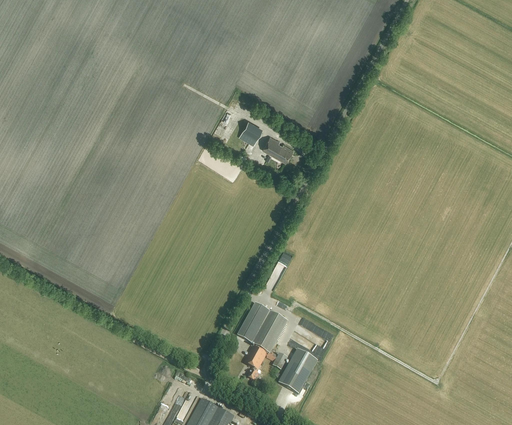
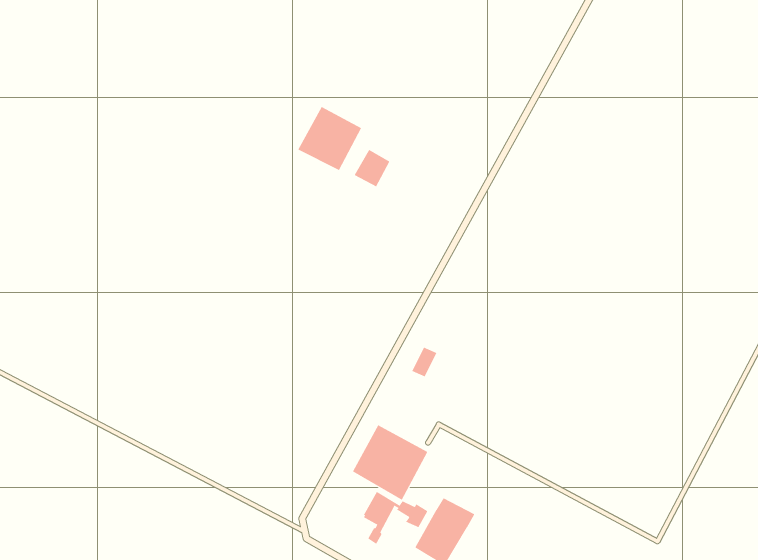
building: none -> [298,106,362,171]
building: [262,136,293,162] -> none

